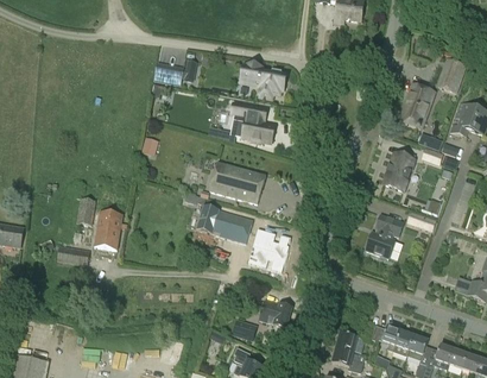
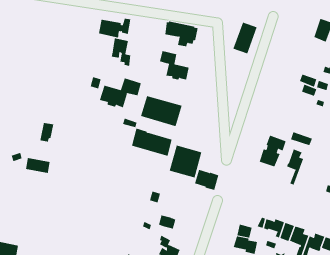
building: [400,84,434,127] -> [232,22,258,54]
building: none -> [111,37,131,67]
building: none -> [99,78,142,108]
building: [384,152,413,189] -> none
building: [94,209,126,248] -> none
building: none -> [287,149,304,186]
building: [259,298,292,327] -> [194,169,219,191]

